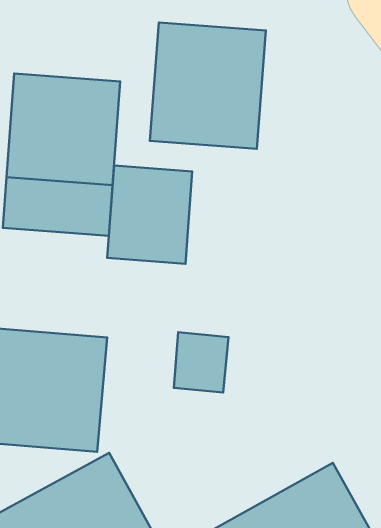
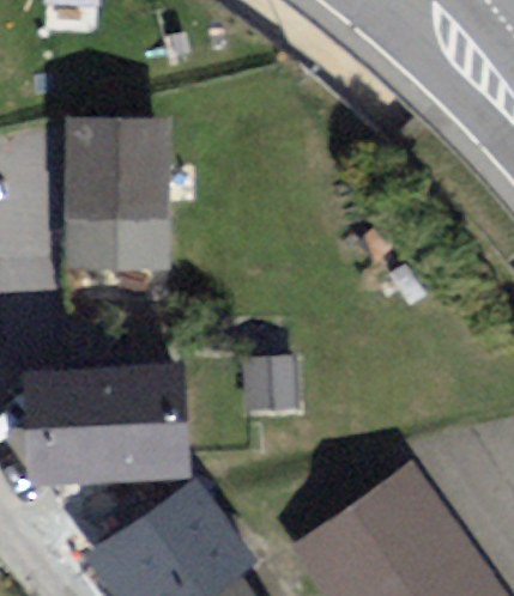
building: [150,22,266,149] -> none
building: [107,166,192,264] -> none

